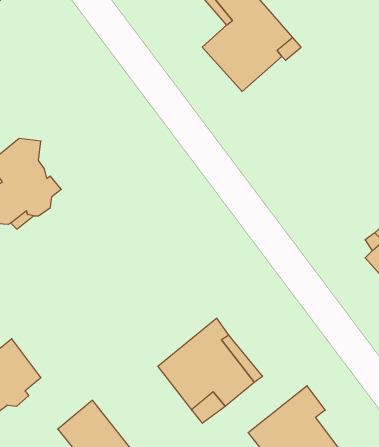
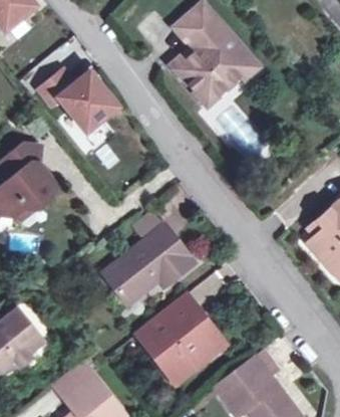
building: none -> [40,68,117,129]
building: none -> [103,224,193,302]

